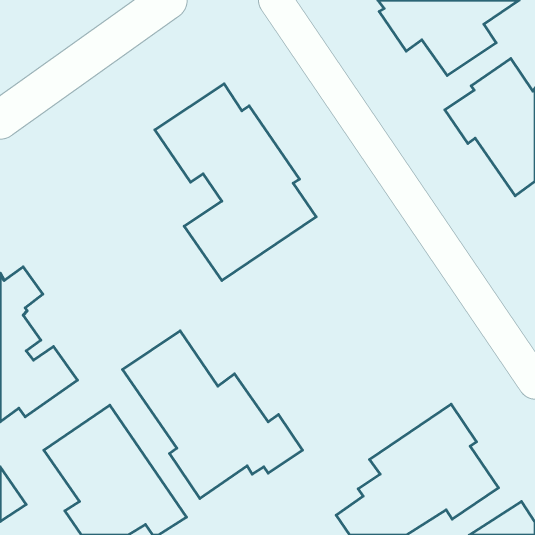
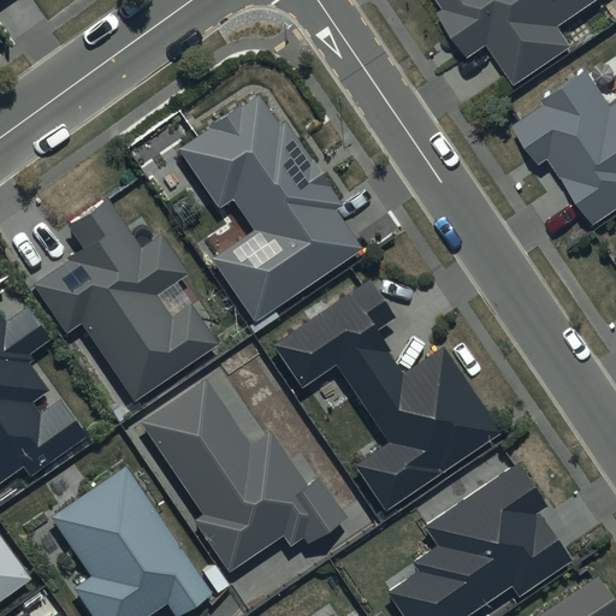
building: none -> [35,199,219,401]
building: none -> [276,282,504,514]

